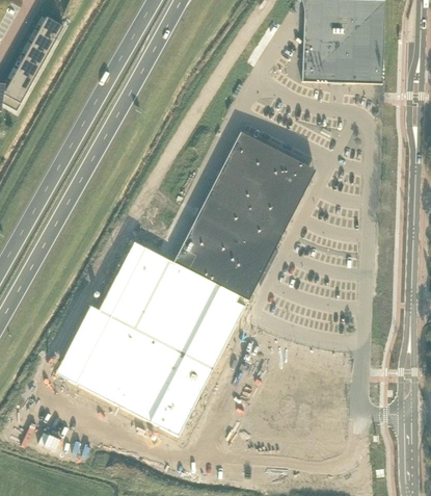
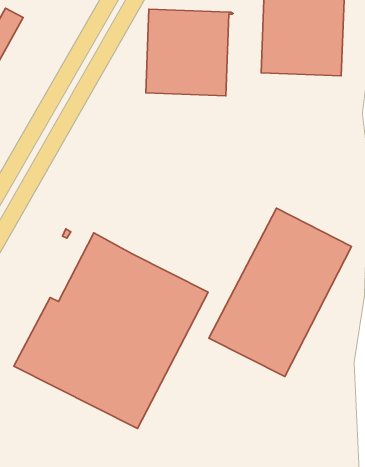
building: none -> [146,9,233,96]
building: [172,131,315,299] -> [209,208,351,377]

